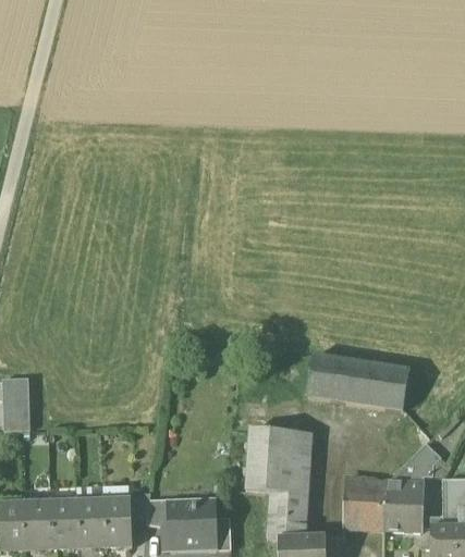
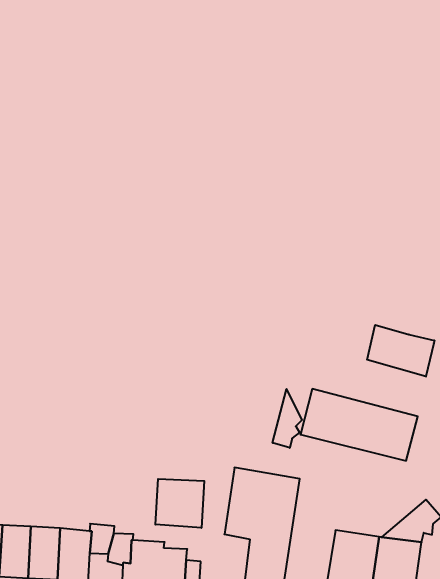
building: none -> [367,325,434,377]
building: none -> [273,389,302,448]
building: none -> [155,479,204,528]

